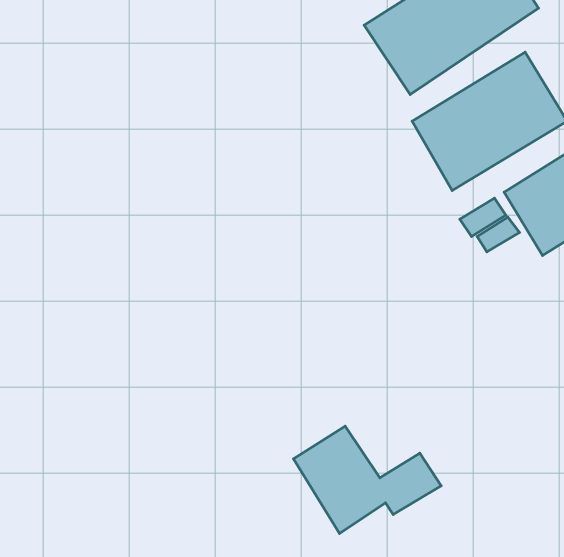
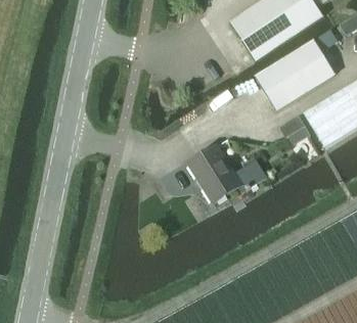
building: [293,426,441,534] -> [188,145,267,202]

